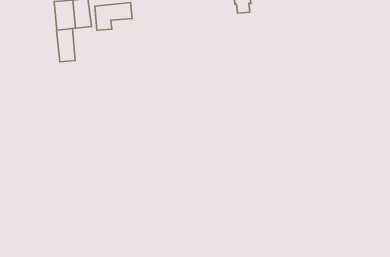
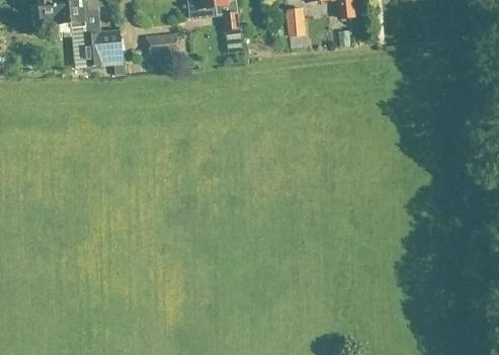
building: [57,29,75,62] -> none

